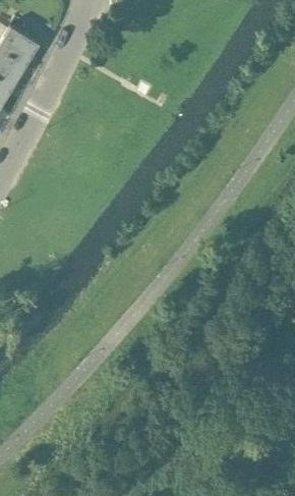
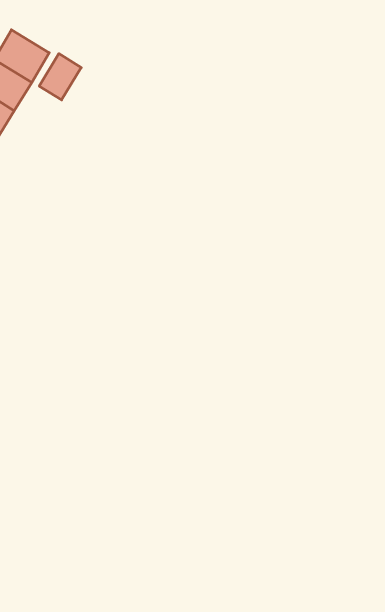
building: none -> [39,54,81,100]

